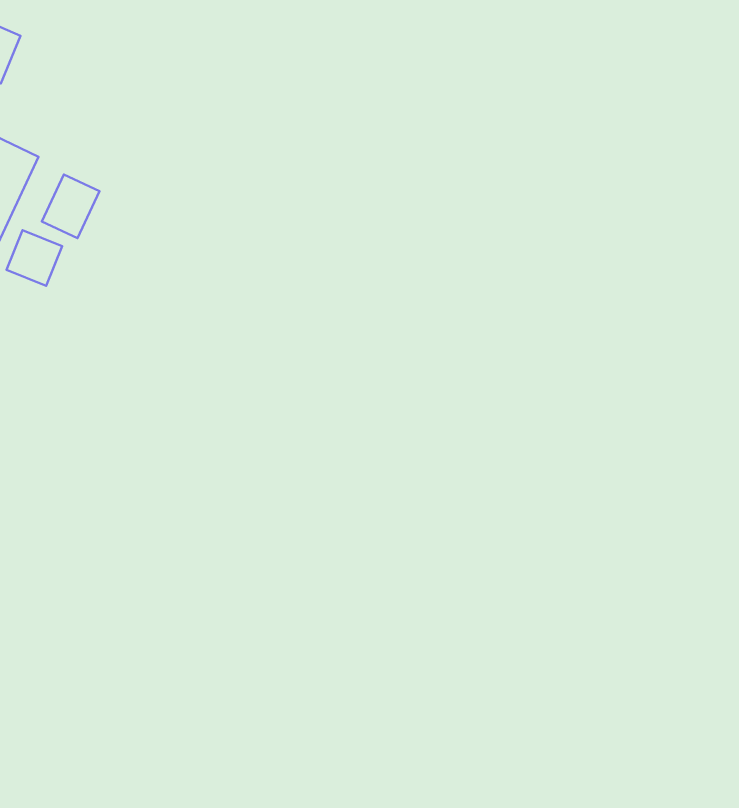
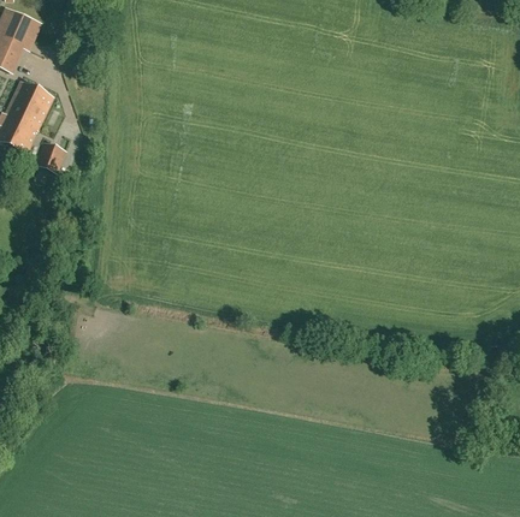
building: [42,175,99,238] -> none

